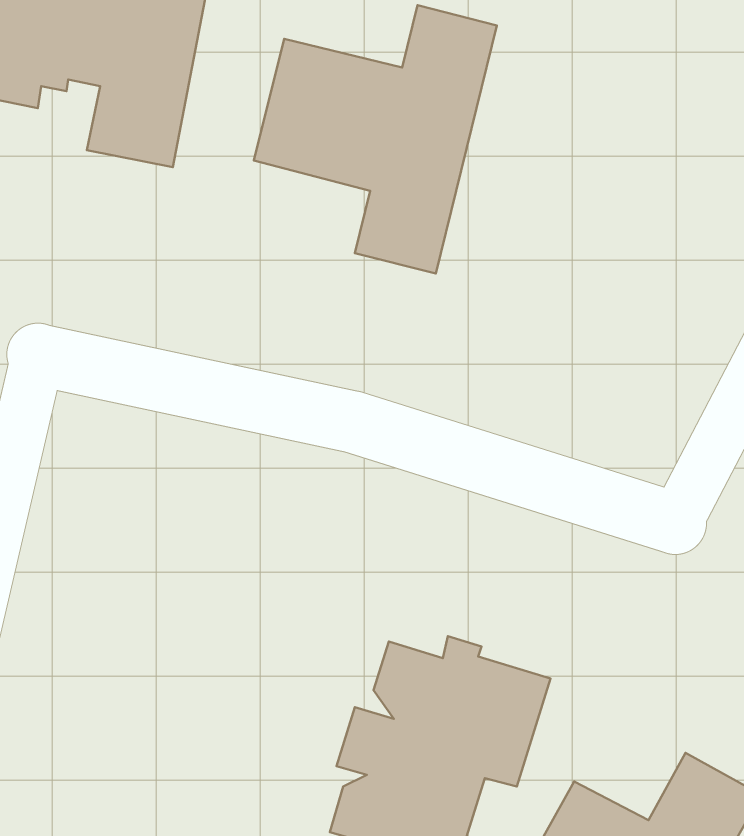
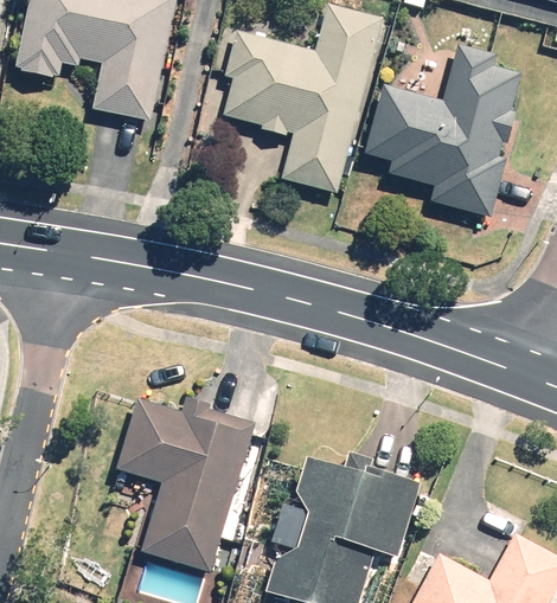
building: none -> [358,45,520,217]
building: none -> [117,393,252,571]

